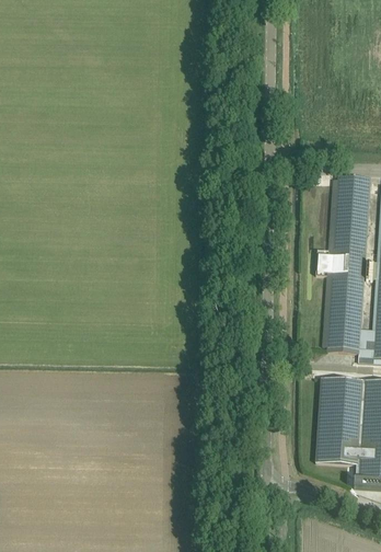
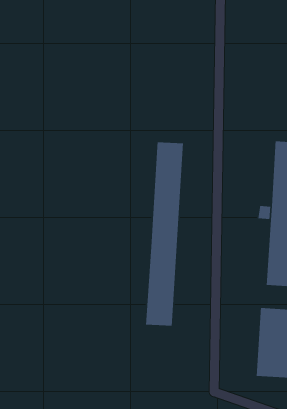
building: none -> [145,141,184,327]

